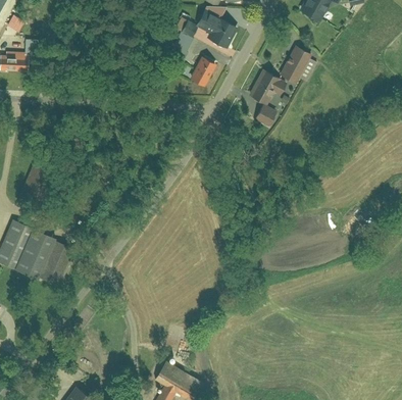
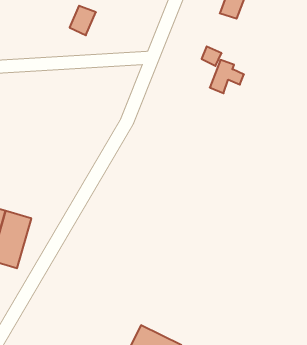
building: [190,59,216,88] -> [70,6,96,35]
building: [249,70,283,102] -> [210,60,244,93]

